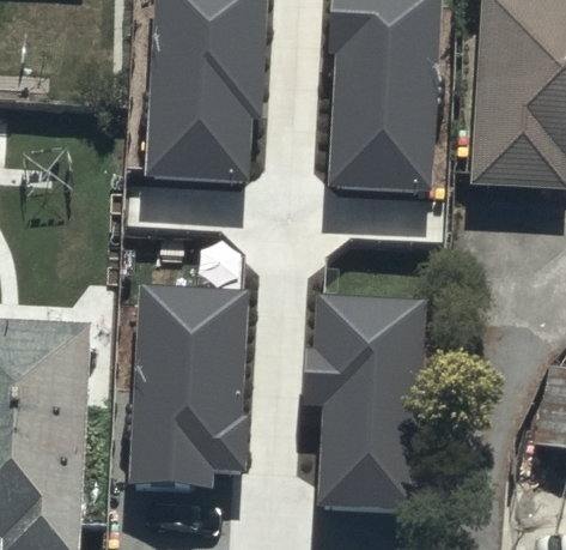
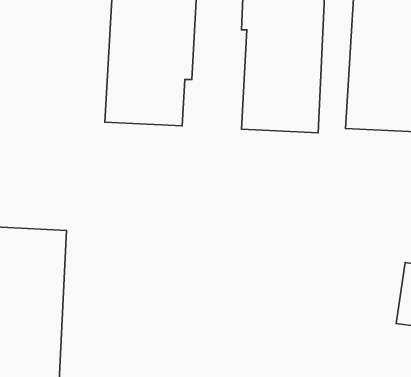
building: [130,285,249,489] -> none
building: [303,296,424,510] -> none

